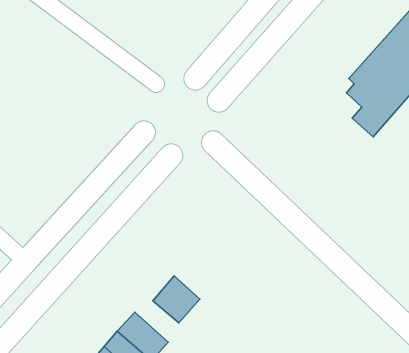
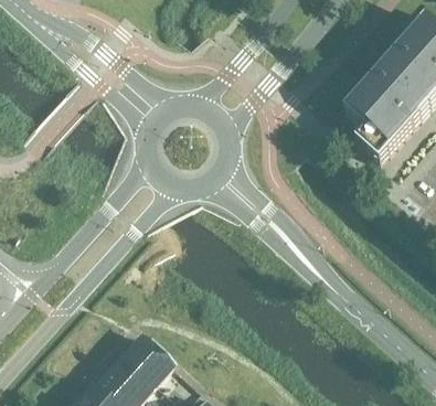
building: [153,276,200,323] -> none

